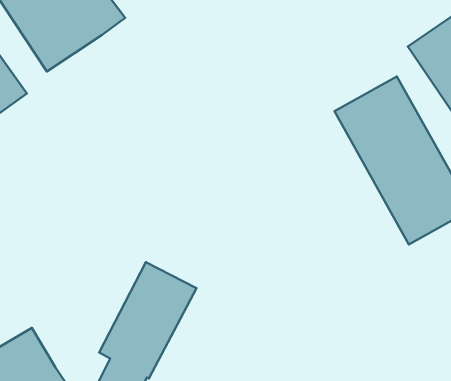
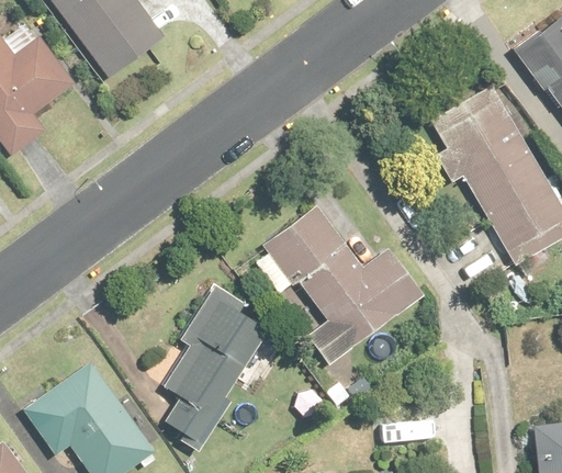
building: none -> [248,212,403,370]

